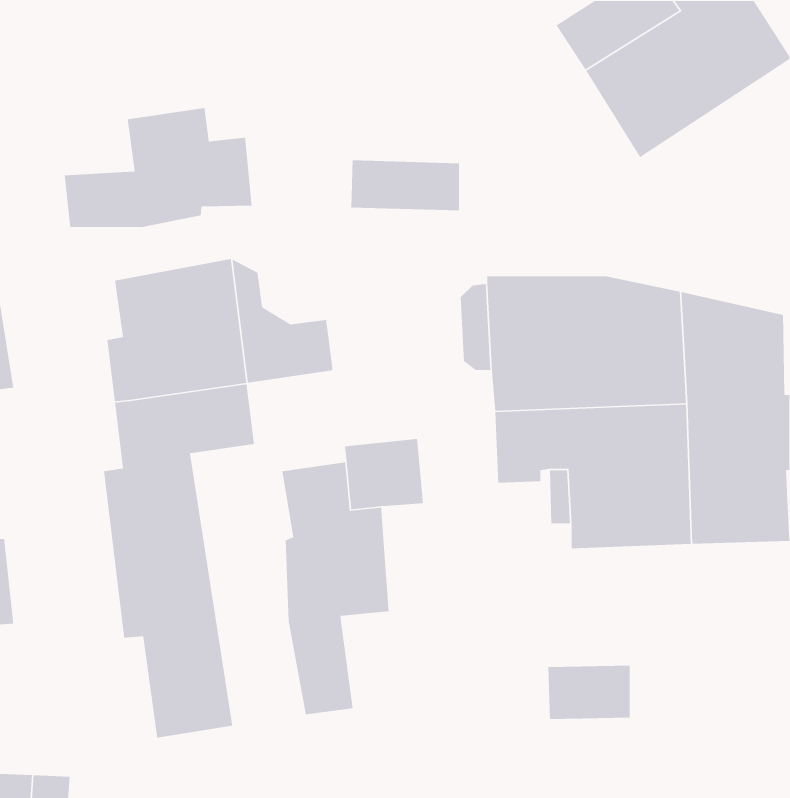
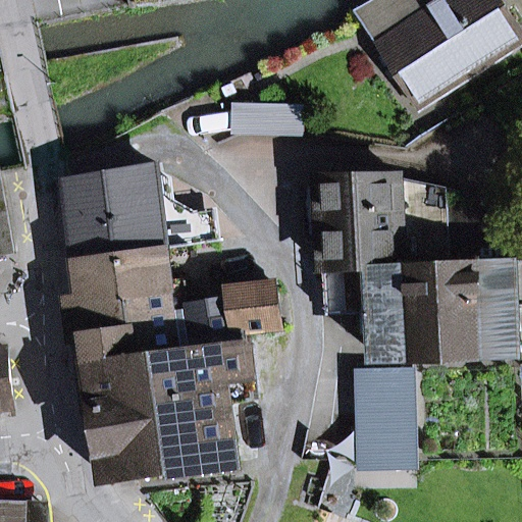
building: [64,107,252,228] -> none
building: none -> [124,281,199,474]
building: none -> [353,373,411,435]

